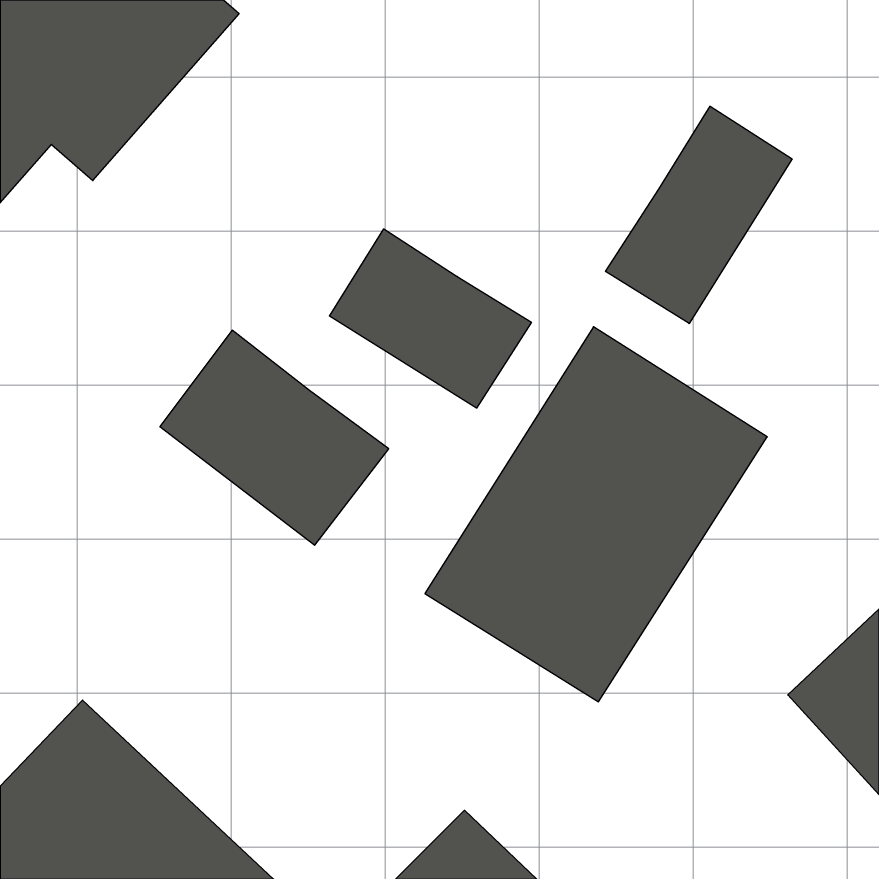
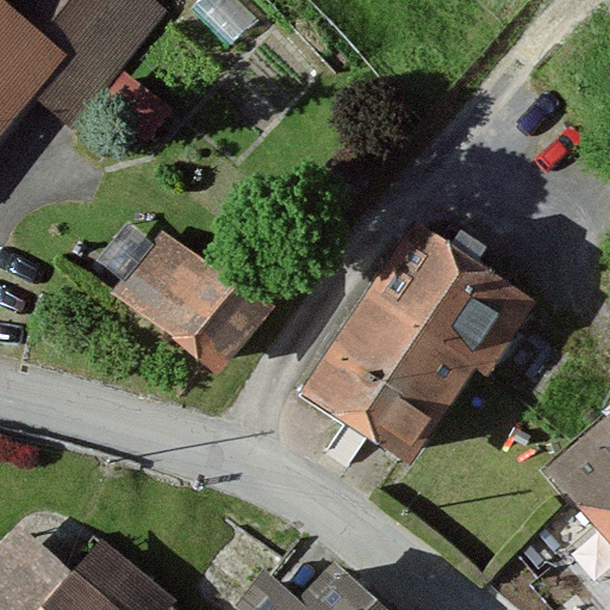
building: [606,106,792,324] -> none
building: [329,229,531,408] -> none

